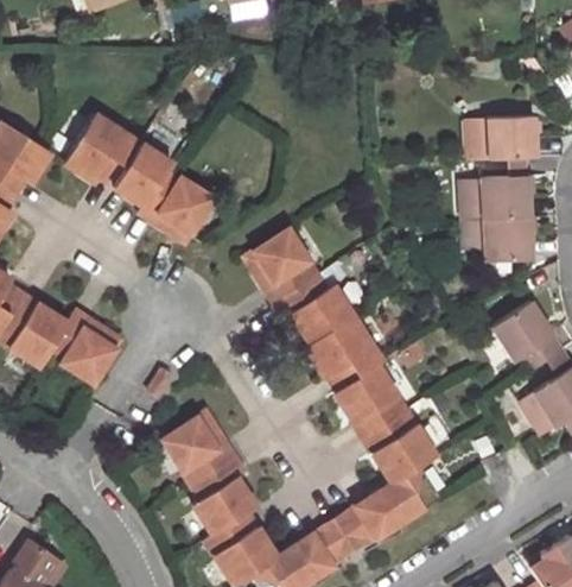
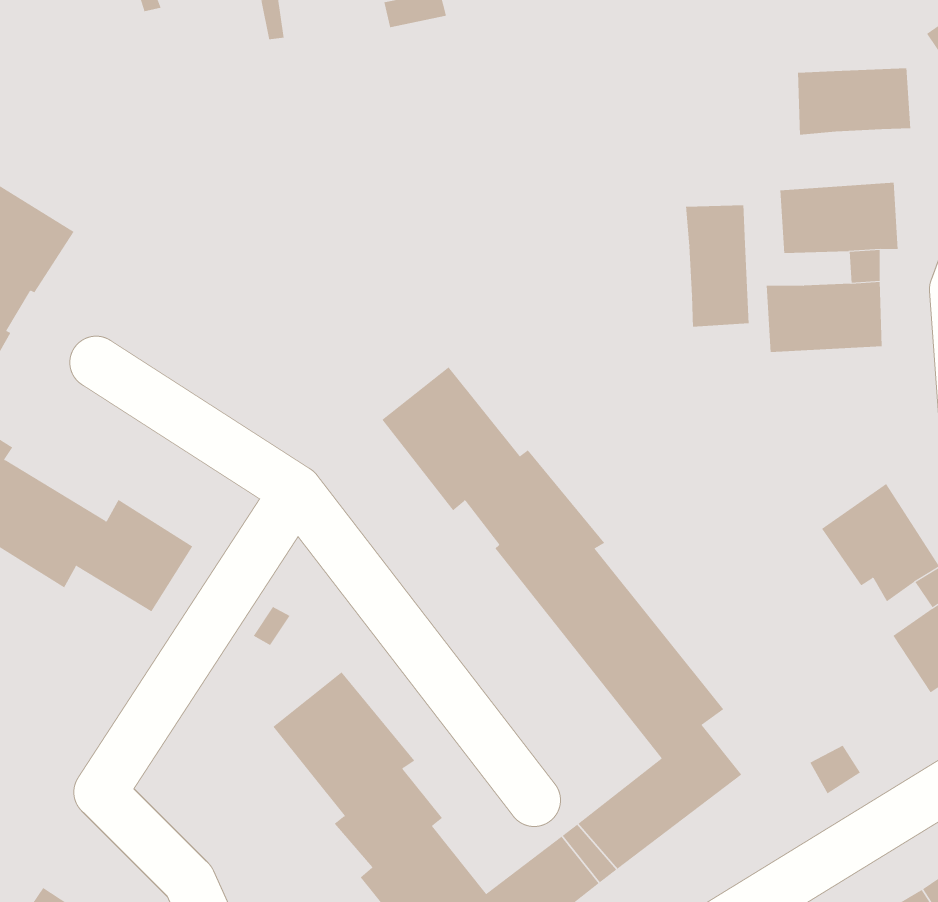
building: none -> [797,68,911,135]
building: [64,113,210,238] -> none
building: none -> [685,204,749,327]
building: [485,220,533,264] -> none

